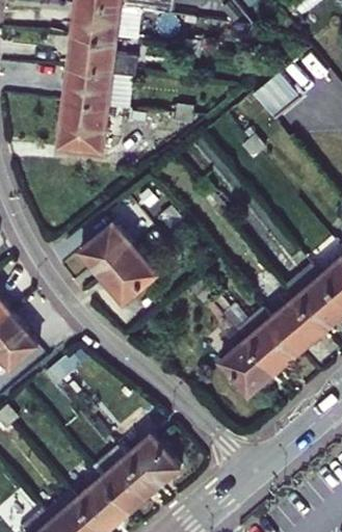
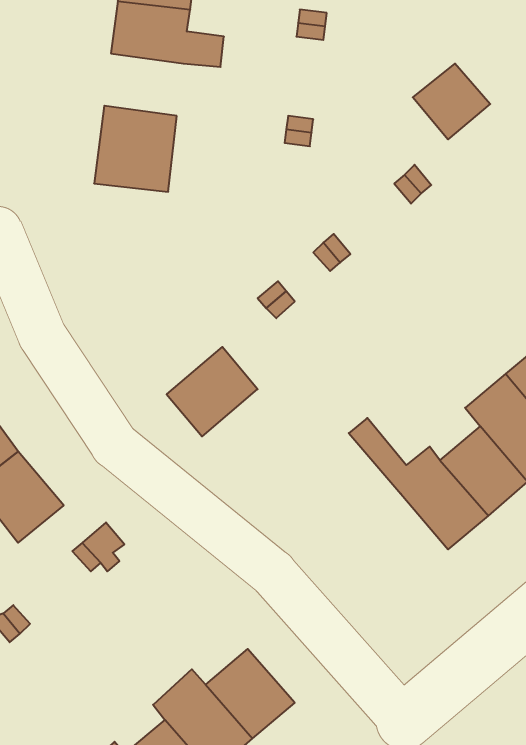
building: [65,68,114,106] -> none
building: [81,222,138,277] -> none
building: [222,339,278,396] -> none

